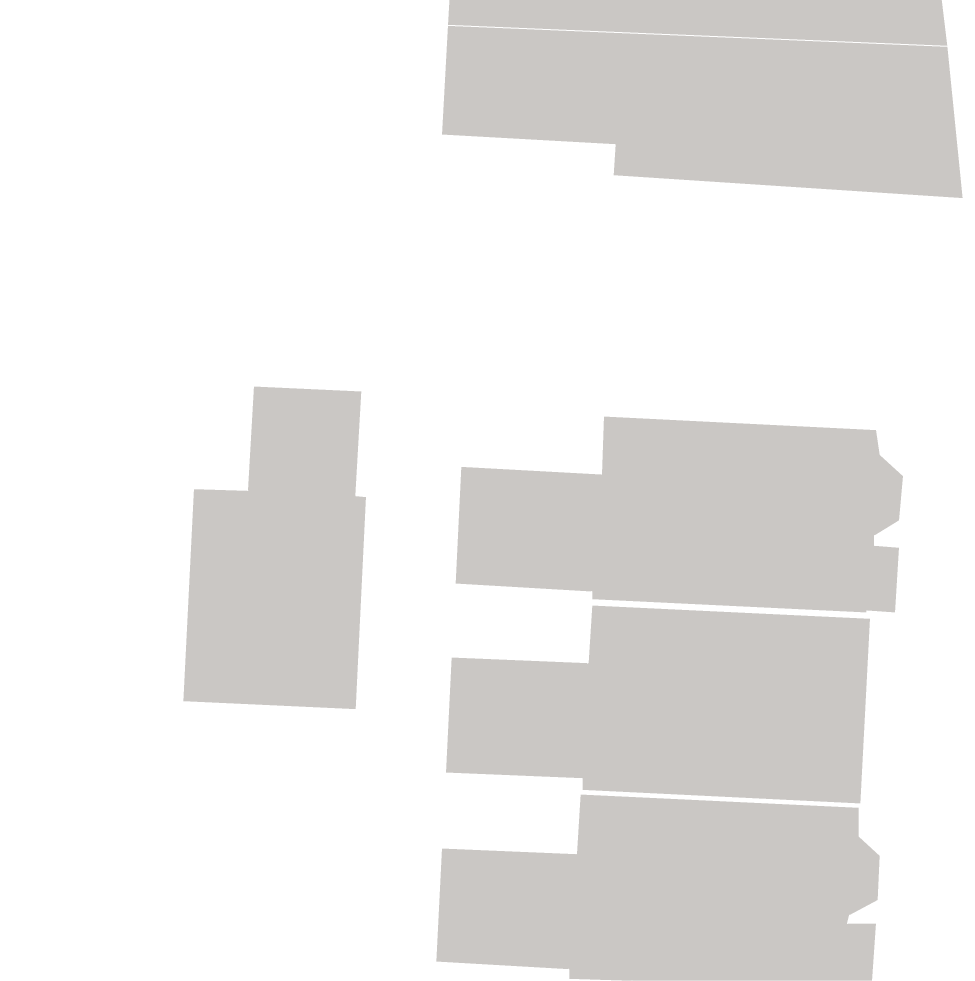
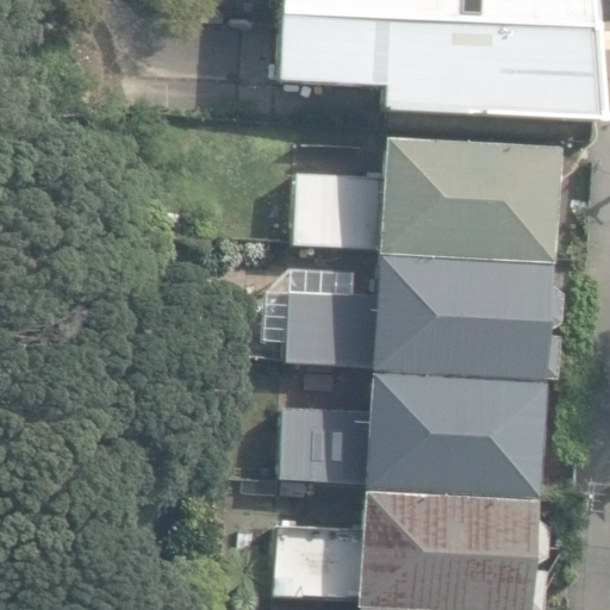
building: none -> [298,141,552,260]
building: [183,386,367,710] -> none

